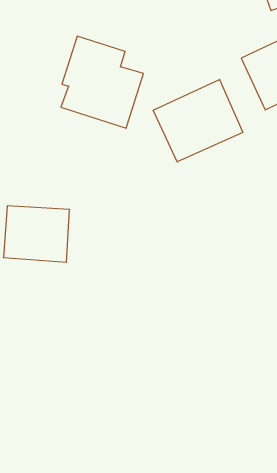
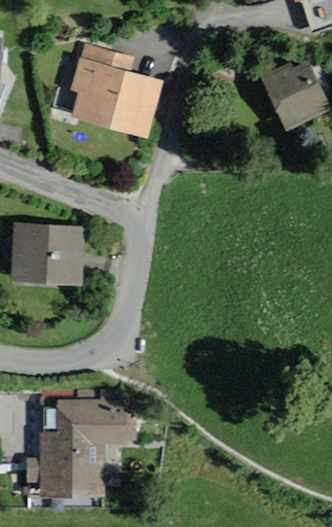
building: [153,79,243,162] -> none
building: none -> [38,397,124,496]

